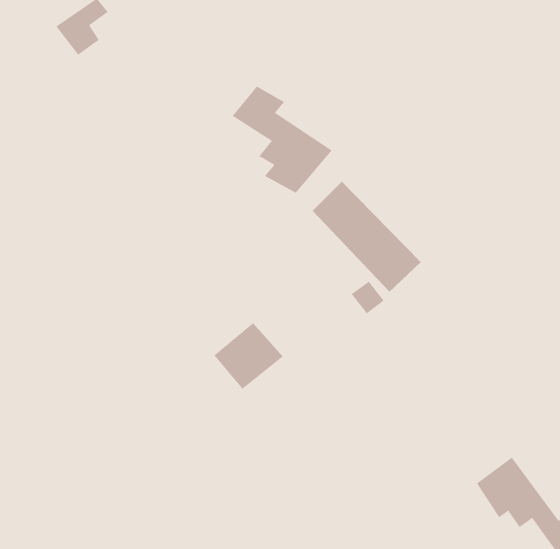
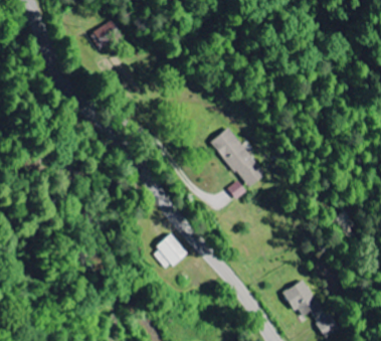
building: [232,86,332,194] -> none
building: [214,323,283,390] -> [151,234,187,269]

